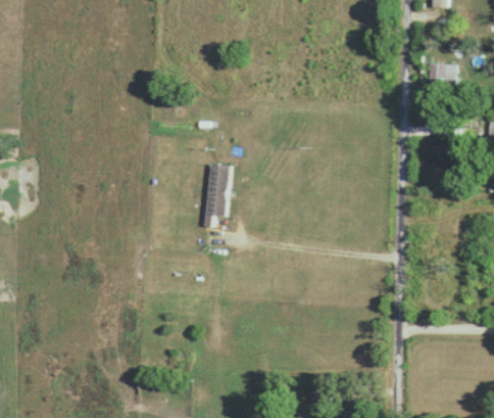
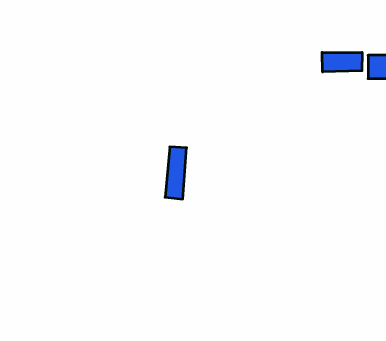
building: none -> [322,52,362,72]

